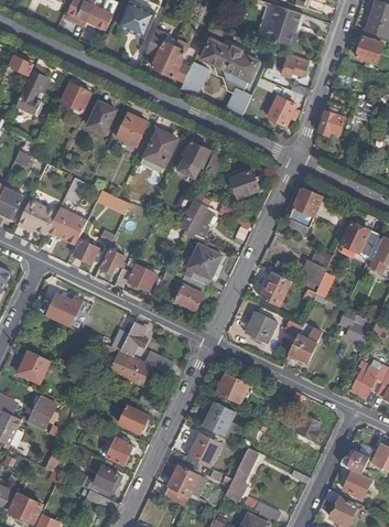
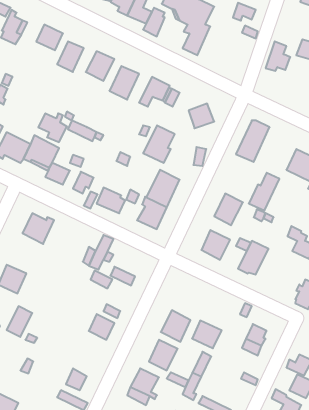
building: [268,96,295,125] -> none
building: [214,373,247,404] -> [192,321,222,348]
building: [106,435,133,464] -> none

